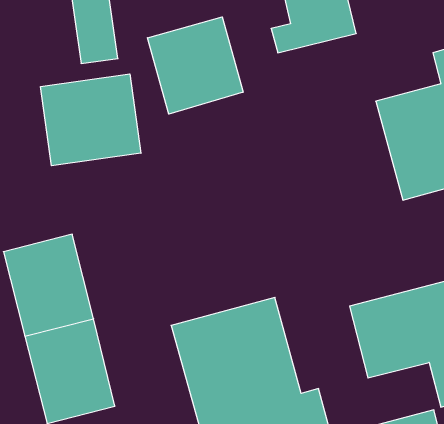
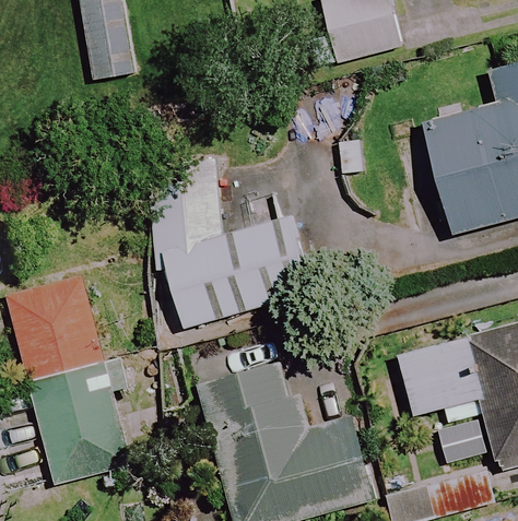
building: [147,17,243,114] -> none
building: [41,74,141,166] -> none
building: none -> [163,156,310,328]

